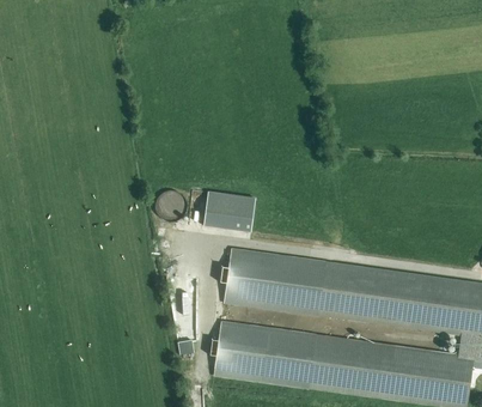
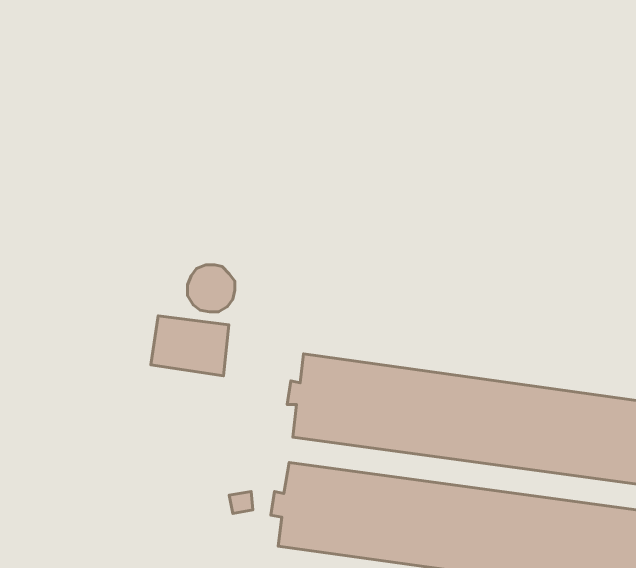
building: [202,192,254,231] -> [151,316,229,376]

